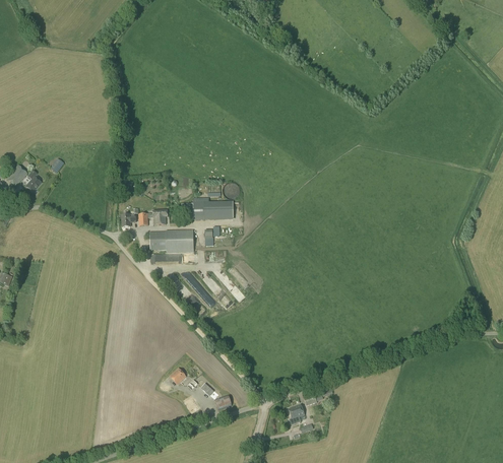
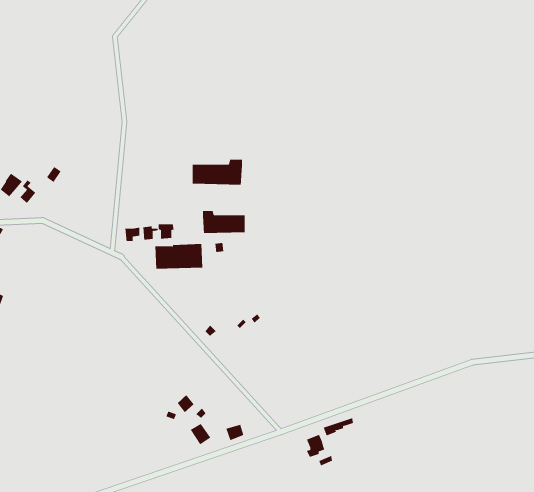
building: none -> [192,159,243,185]

